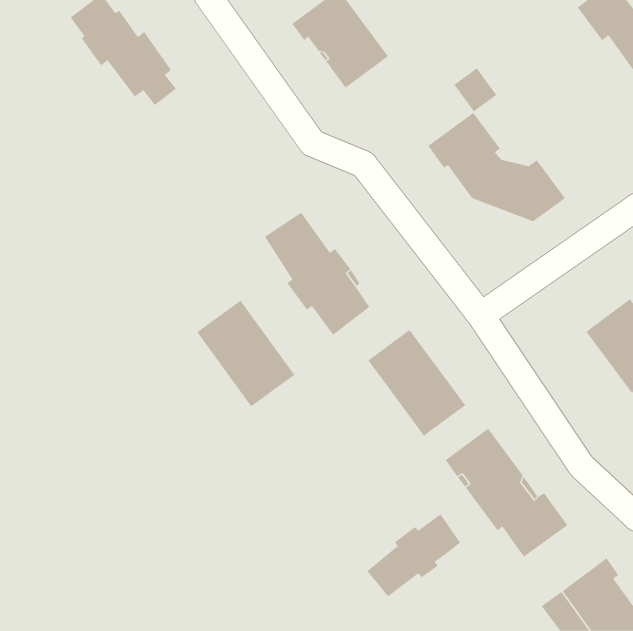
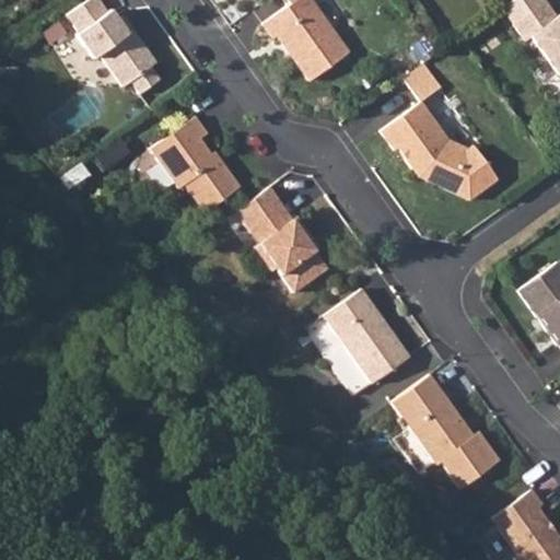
building: none -> [150,117,241,213]
building: [196,300,295,407] -> none
building: [367,514,461,597] -> none

